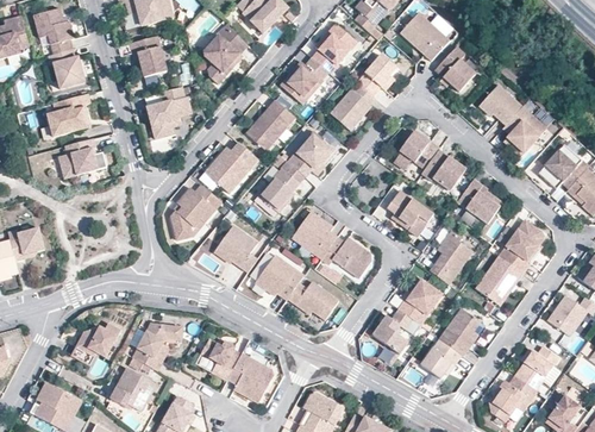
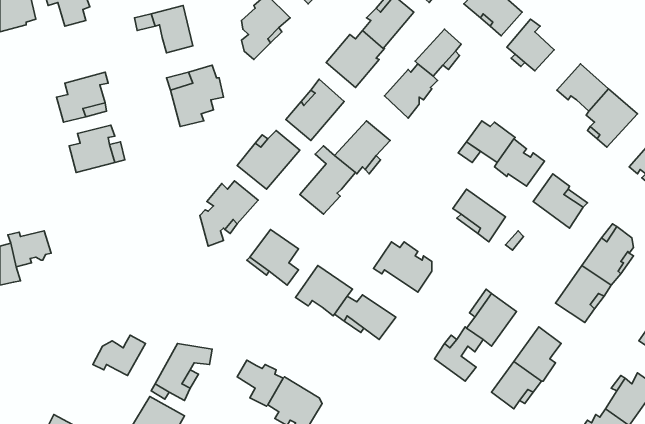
building: [50,46,88,89] -> none
building: [292,212,336,258] -> none
building: [430,230,474,284] -> none

